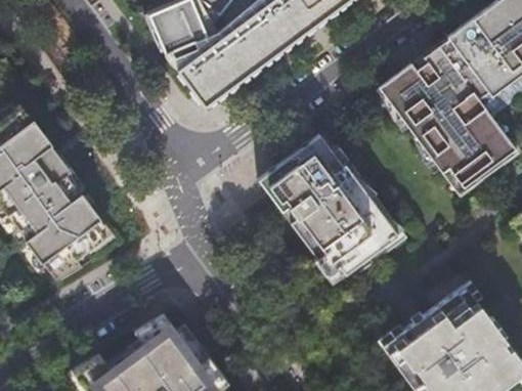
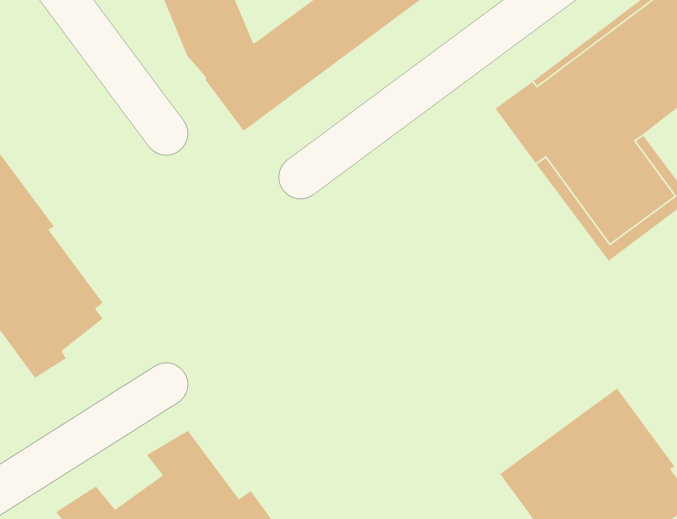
building: [259,134,396,281] -> none

